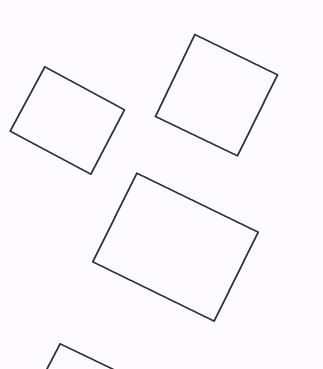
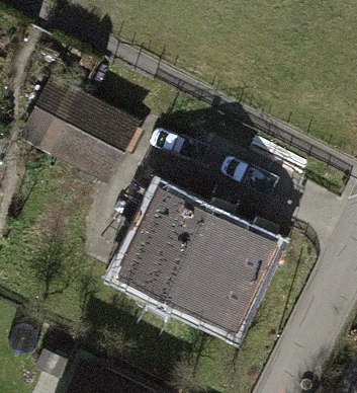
building: [155,34,278,156] -> none

